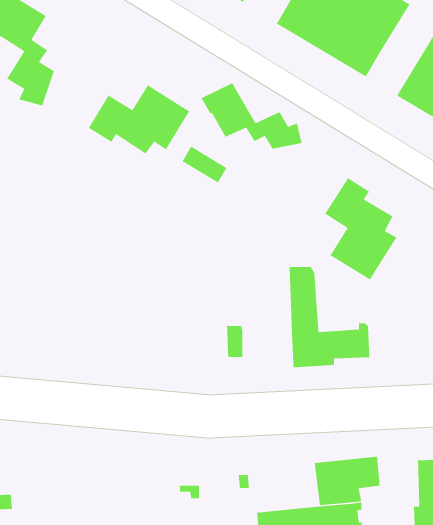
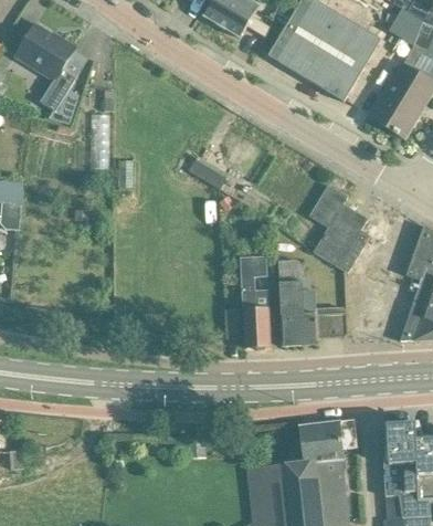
building: [201,82,302,149] -> none
building: [88,84,190,155] -> none
building: none -> [240,256,271,347]

